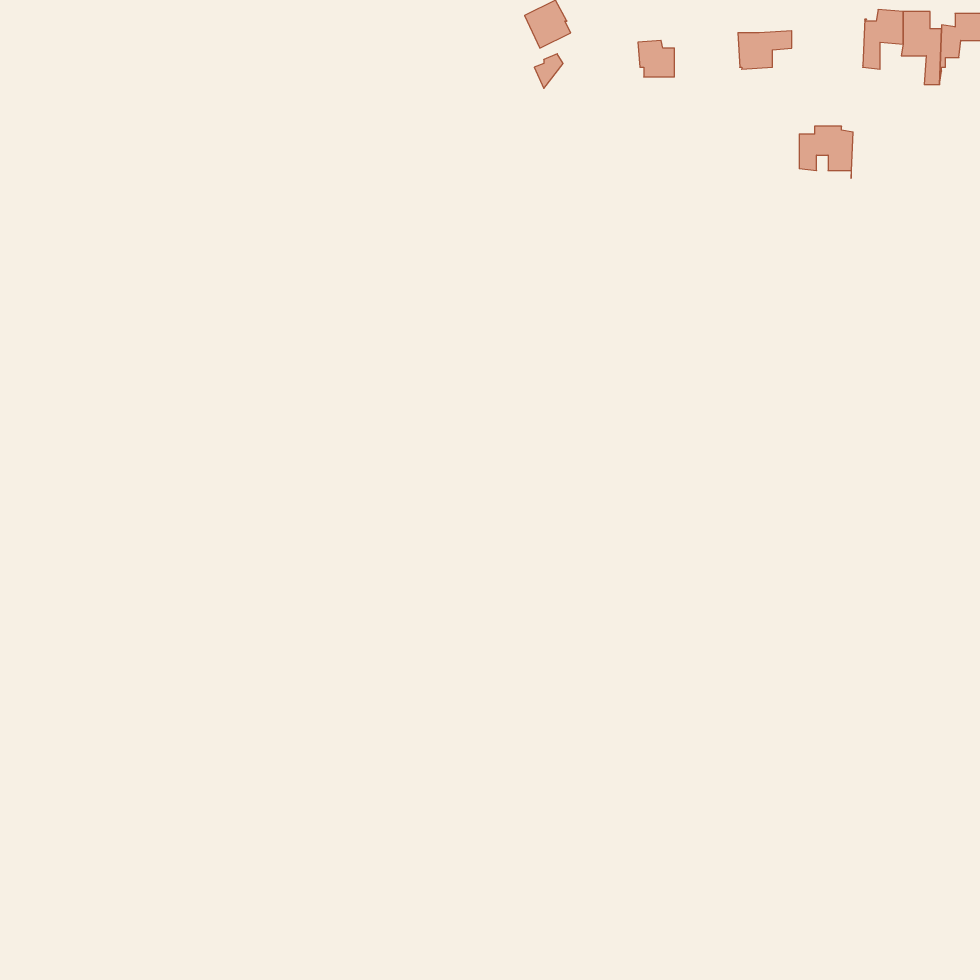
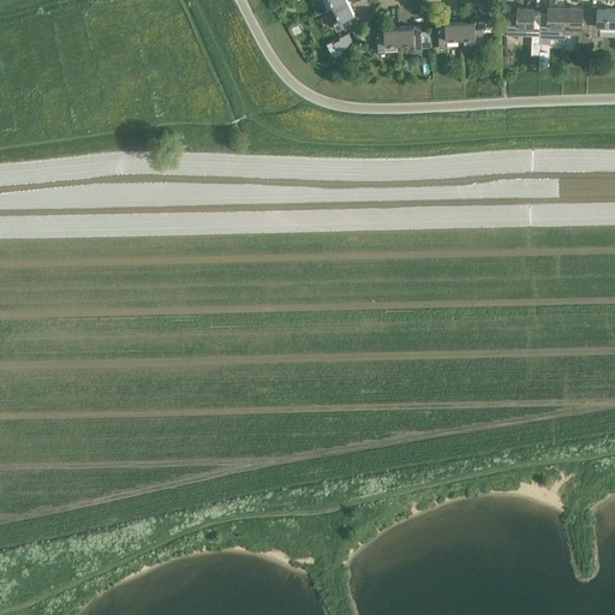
building: none -> [440,22,464,46]
building: none -> [371,28,401,52]
building: [799,126,853,178] -> [508,10,542,42]

